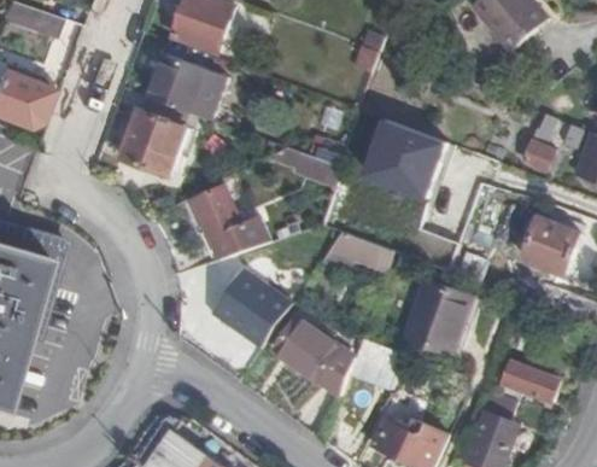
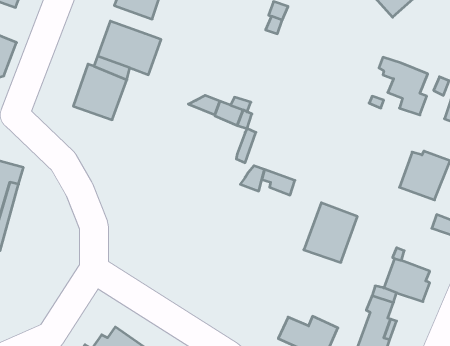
building: [364,117,451,199] -> none
building: [191,186,271,259] -> none
building: [212,268,292,346] -> none
building: [273,314,355,397] -> none

